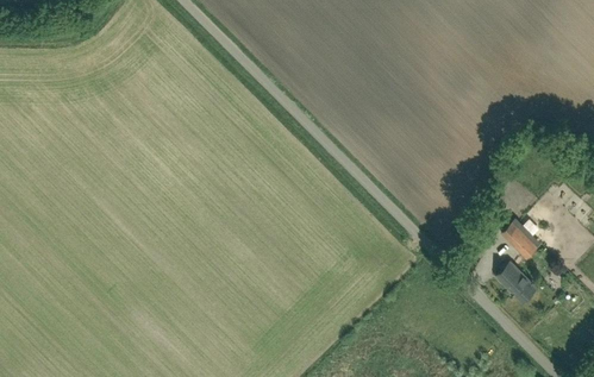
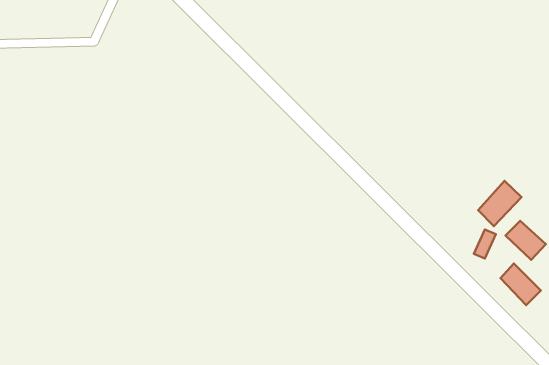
building: none -> [478,181,522,226]

